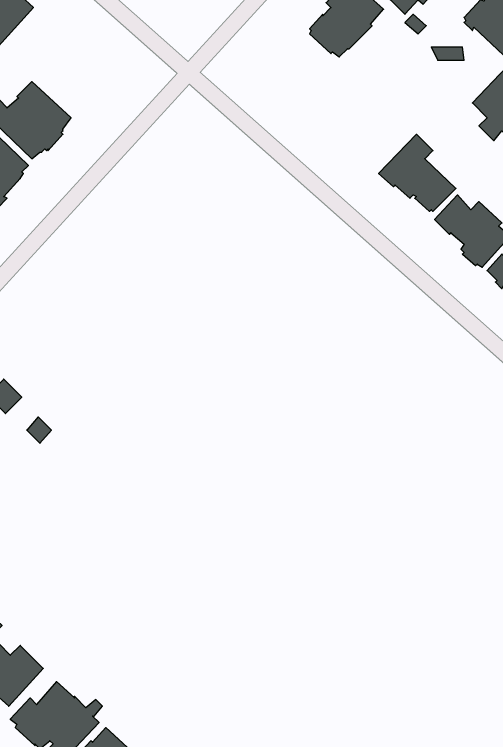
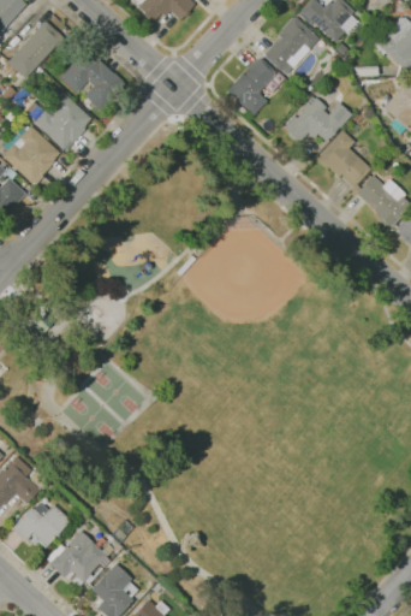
building: none -> [59,48,124,111]
building: none -> [226,58,275,116]
building: none -> [282,96,351,142]

